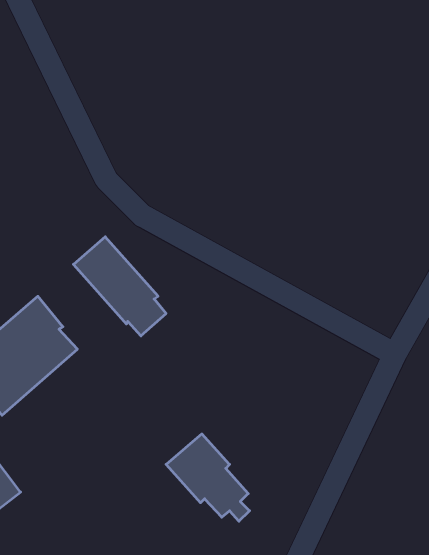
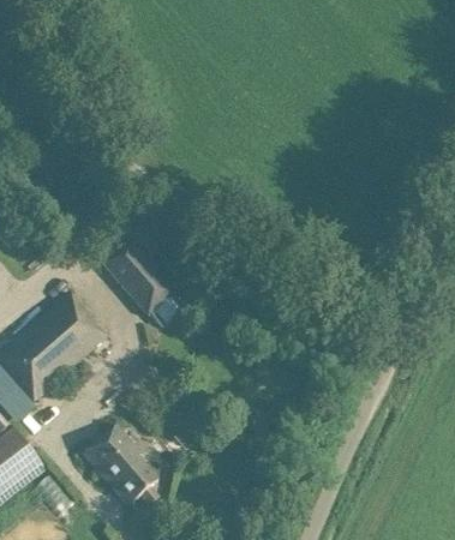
building: [166,434,250,521] -> [79,426,155,505]

